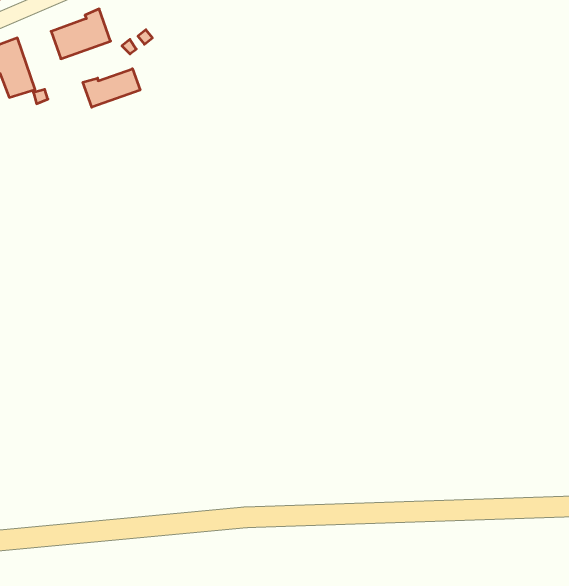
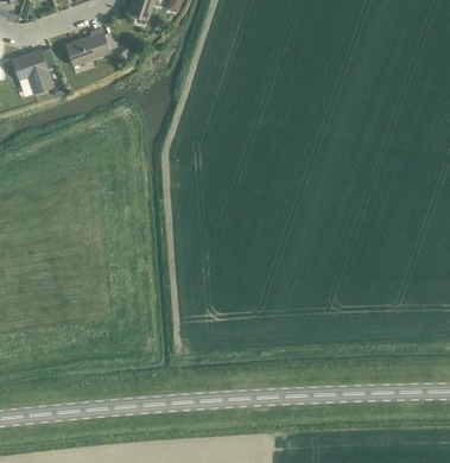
building: [83,69,140,107] -> none

